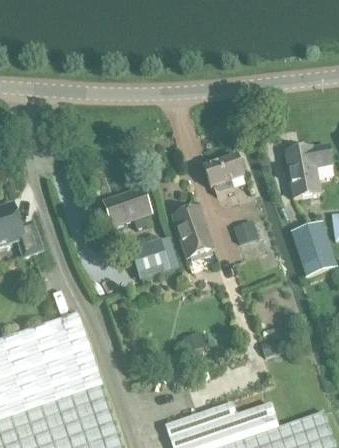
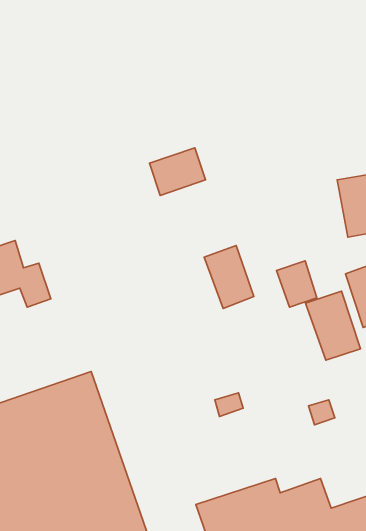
building: [204,156,244,195] -> none
building: [104,188,151,228] -> [150,148,205,195]
building: [135,237,175,276] -> none
building: none -> [306,291,360,360]

